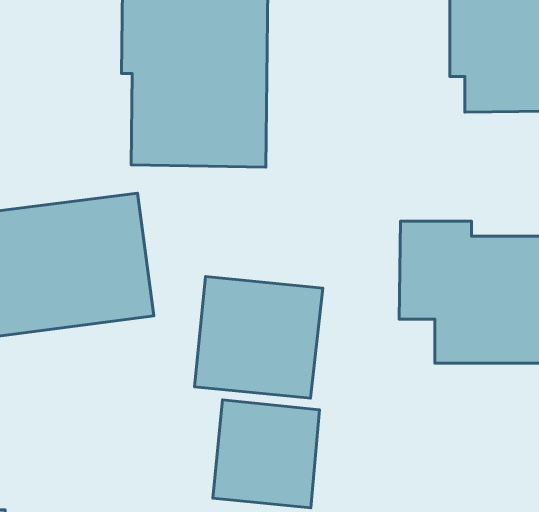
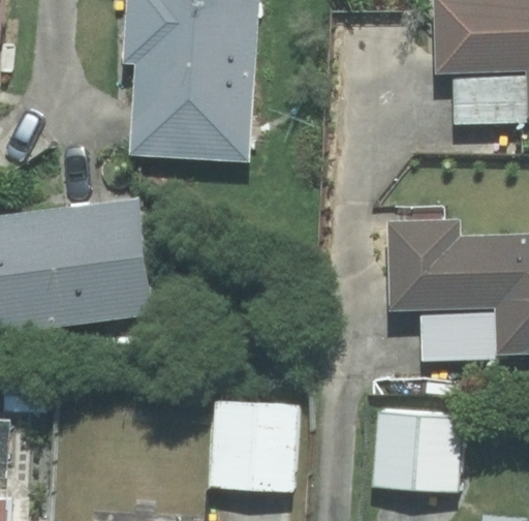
building: [195,277,323,398] -> none
building: none -> [369,404,475,493]

